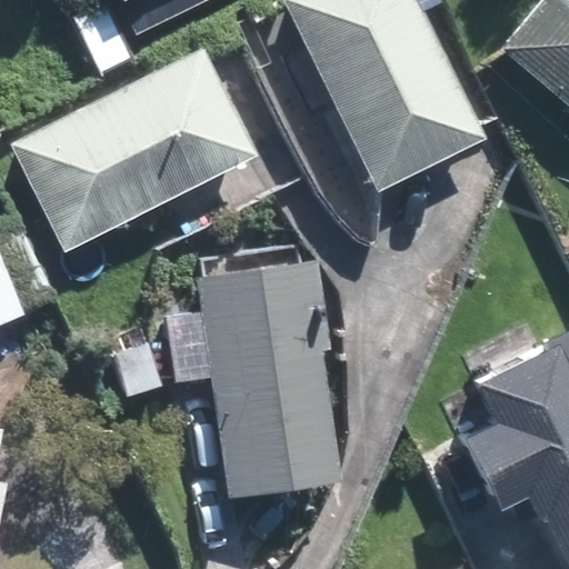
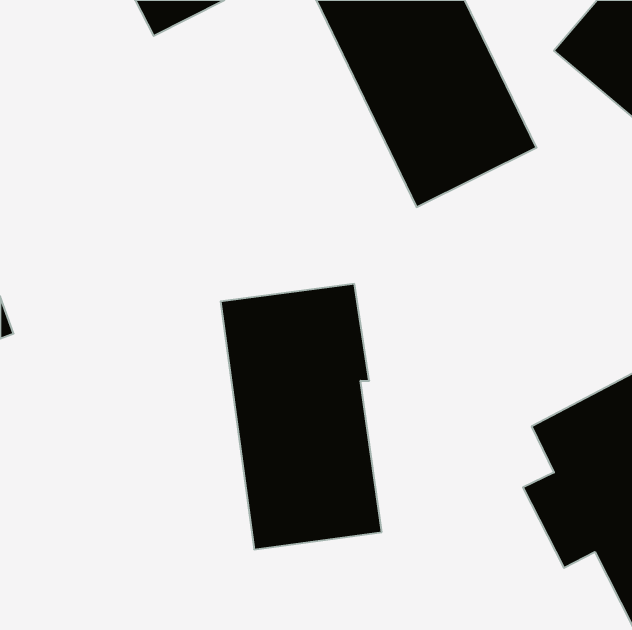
building: [7,51,251,252] -> none

